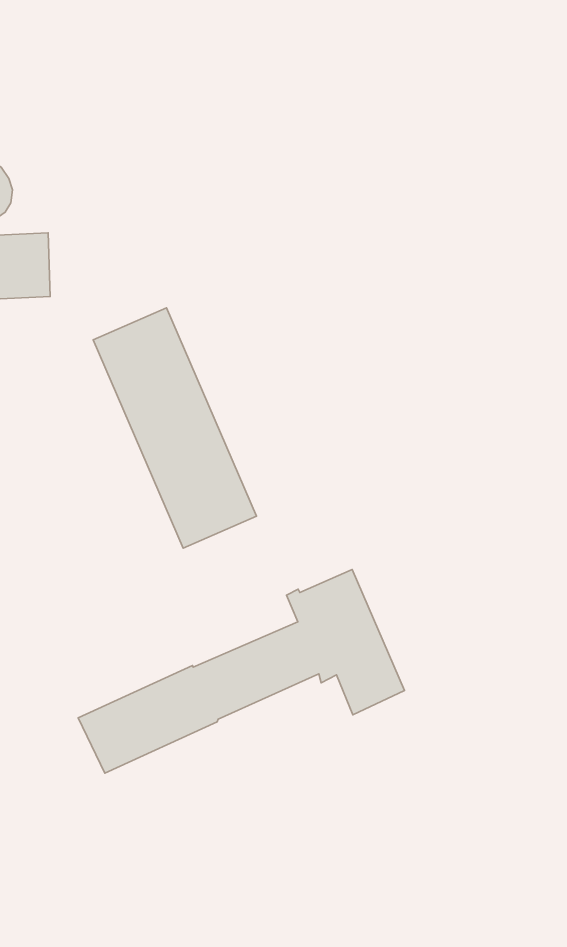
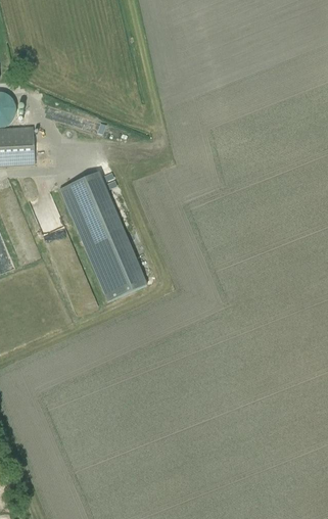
building: [78,570,405,773] -> none

